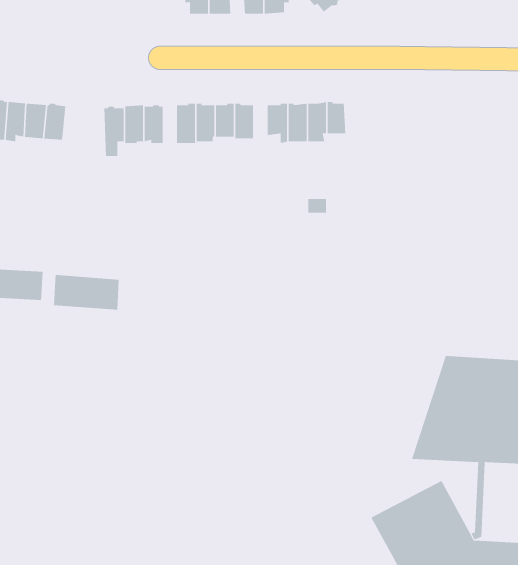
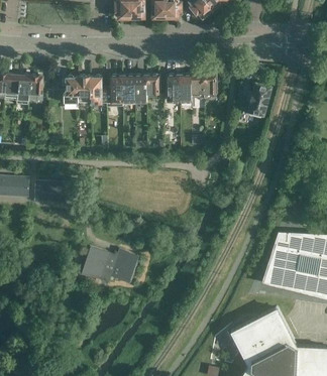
building: none -> [238,83,271,117]
building: none -> [80,246,141,282]

